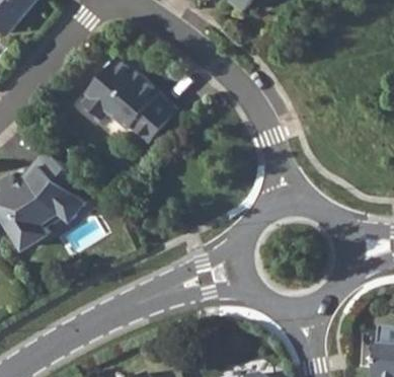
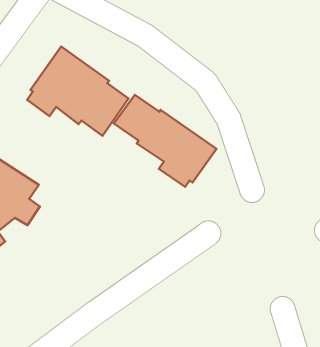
building: none -> [114,95,216,187]

